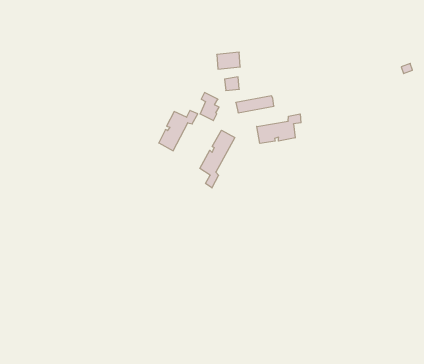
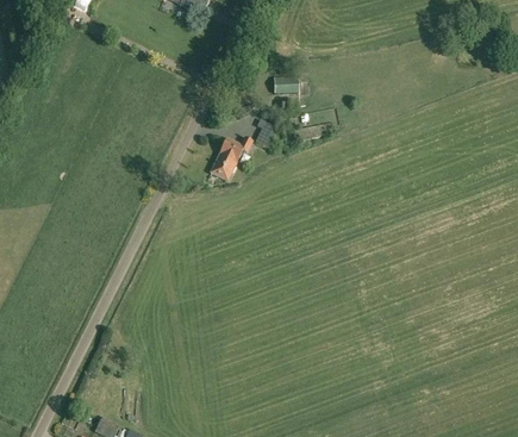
building: [257,114,301,143] -> none
building: [200,130,235,188] -> none

